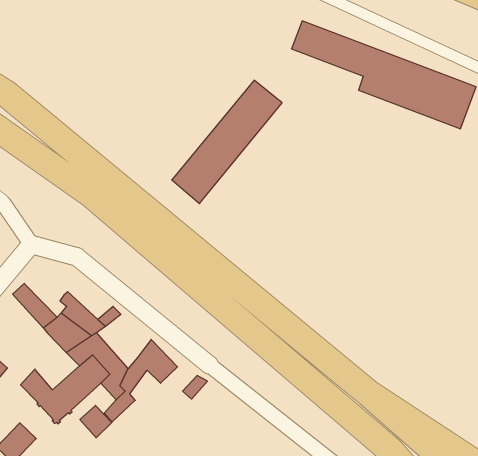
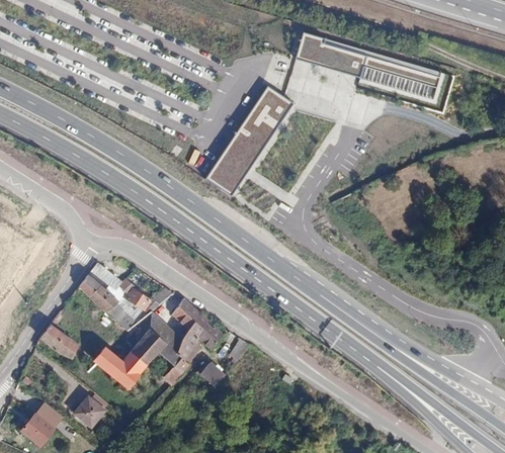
building: none -> [88,261,125,300]
building: none -> [172,297,199,329]
building: [80,405,112,438] -> [198,361,226,388]

